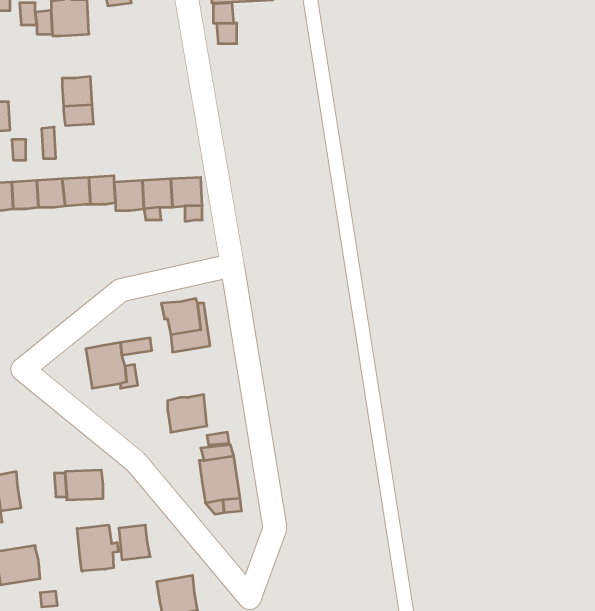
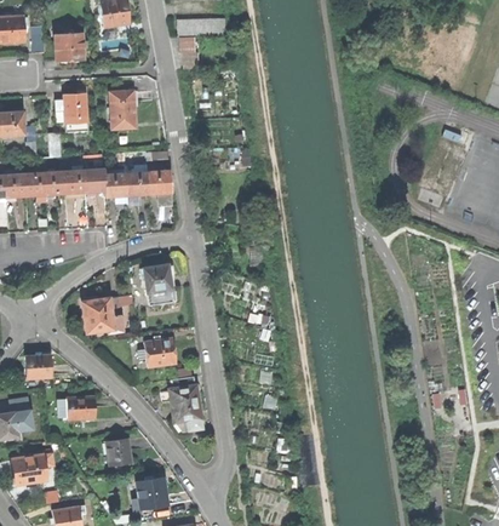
building: none -> [110,90,134,127]
building: none -> [24,353,51,377]
building: [77,525,119,571] -> none

